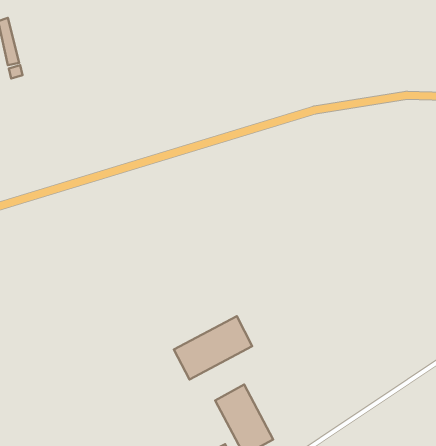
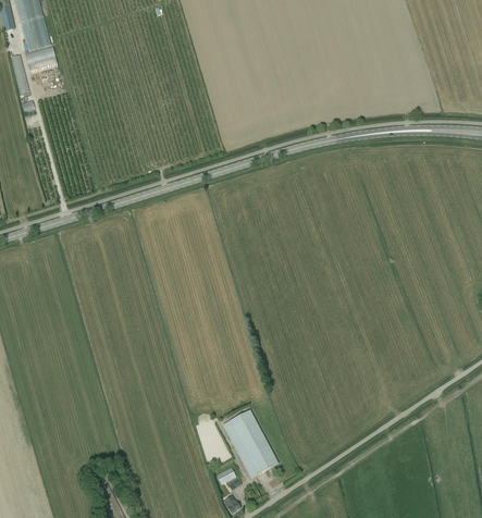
building: [174,316,252,379] -> none

